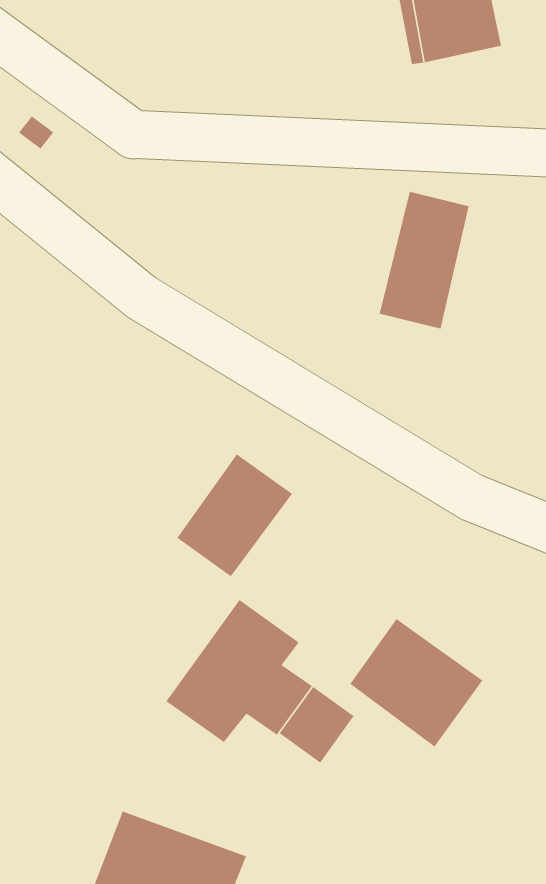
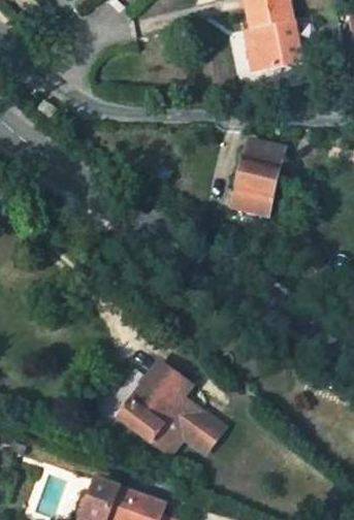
building: [176,453,293,577] -> none
building: [349,618,483,748] -> none

